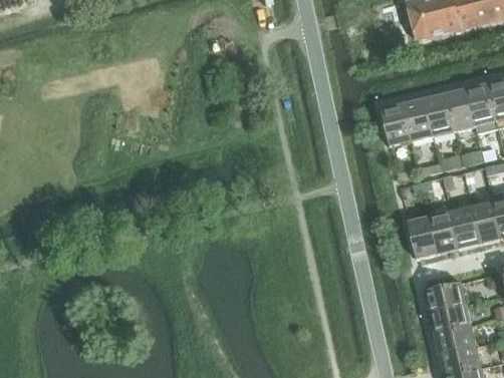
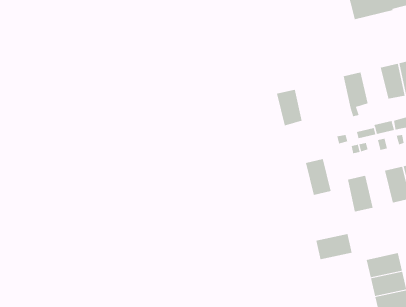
building: [425,93,455,134] -> none
building: [382,103,412,145] -> [276,89,303,126]
building: [430,211,460,253] -> [305,158,332,195]
building: [425,282,467,312] -> [315,233,353,260]

